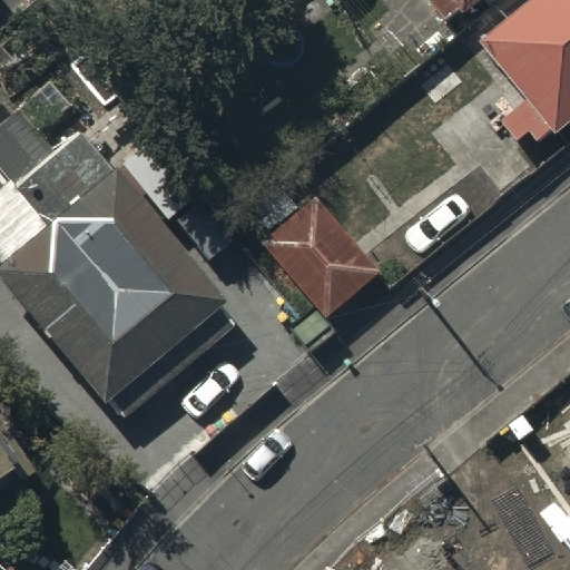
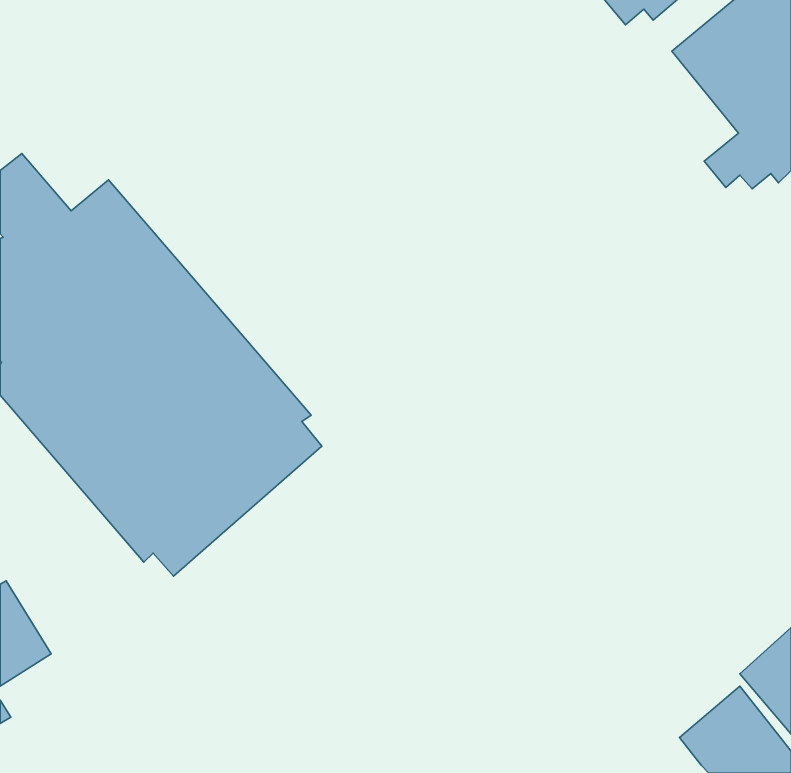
building: [264,188,386,314] -> none

